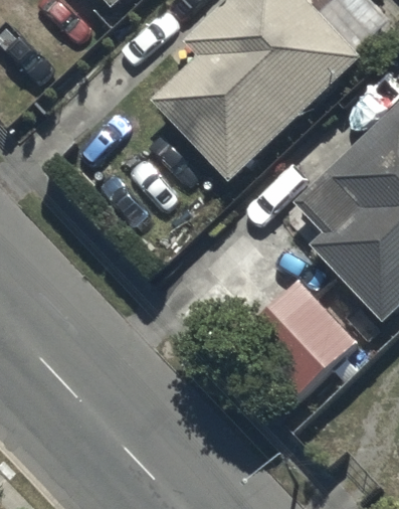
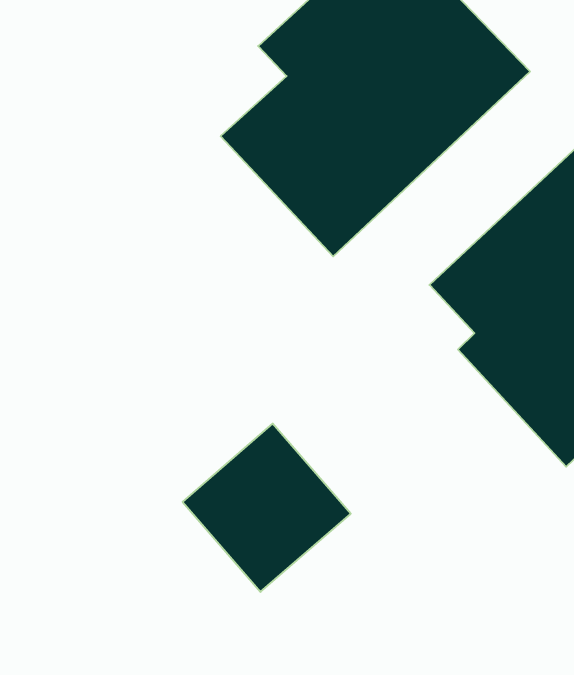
building: [245,280,358,392] -> [183,424,351,592]

